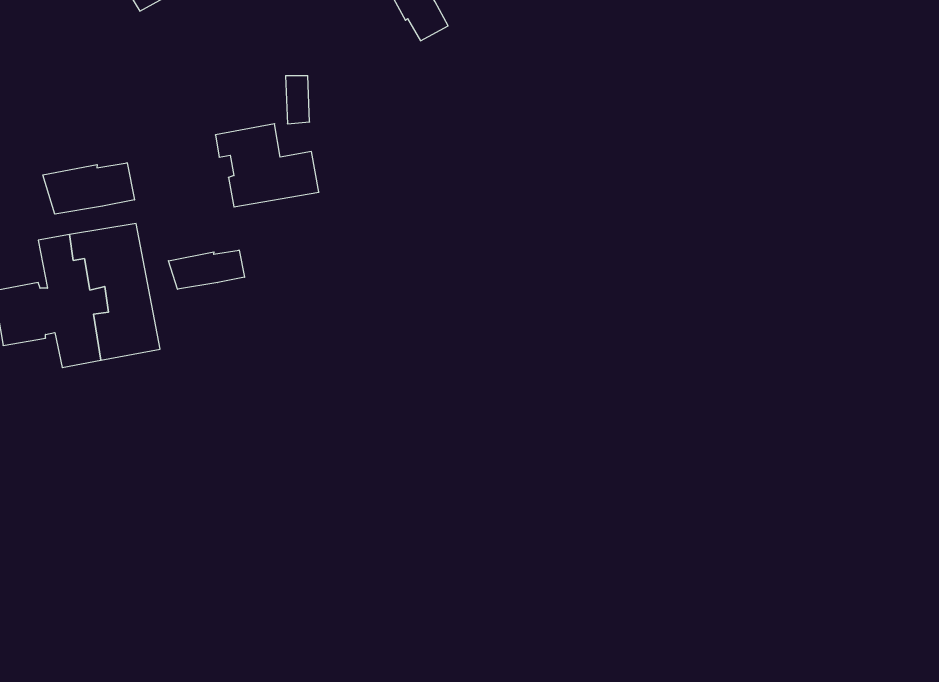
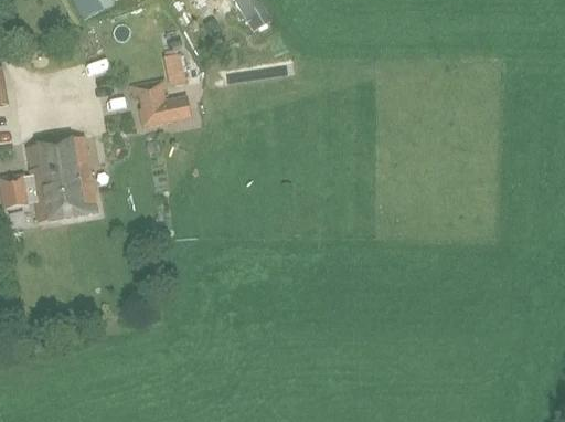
building: [43,163,134,214] -> none
building: [168,250,245,289] -> none

